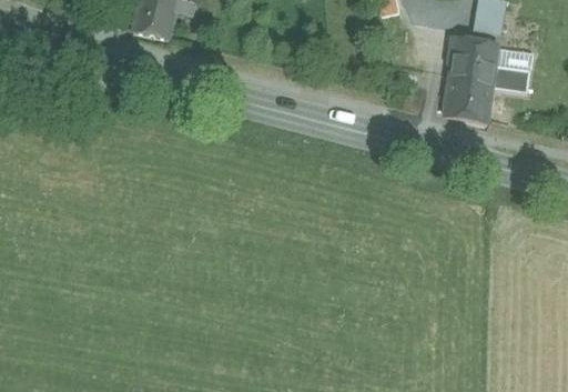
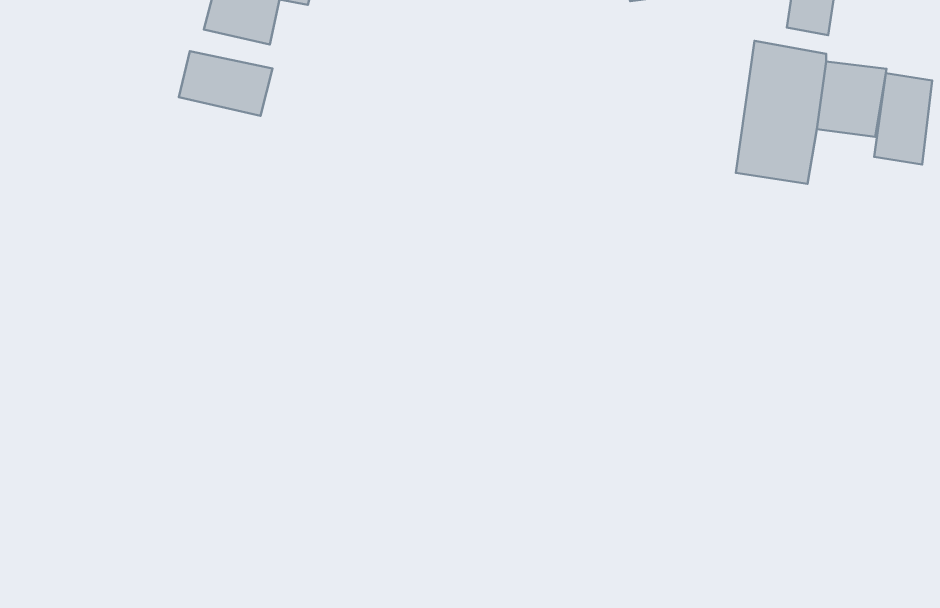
building: none -> [179,51,272,116]
building: none -> [874,73,932,165]

